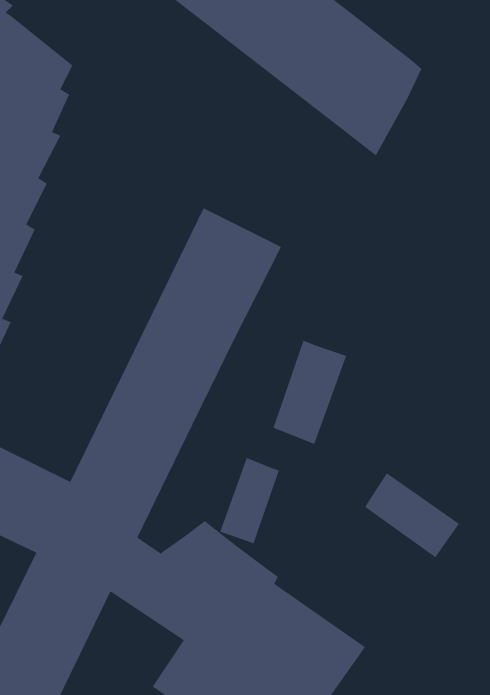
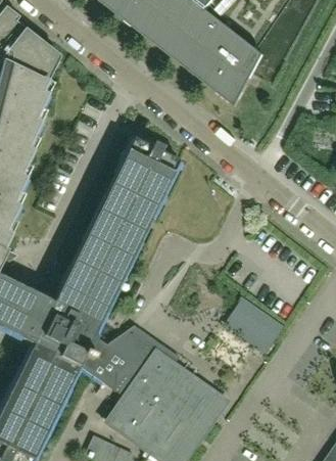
building: [273,340,347,445] -> none
building: [220,457,279,544] -> none

